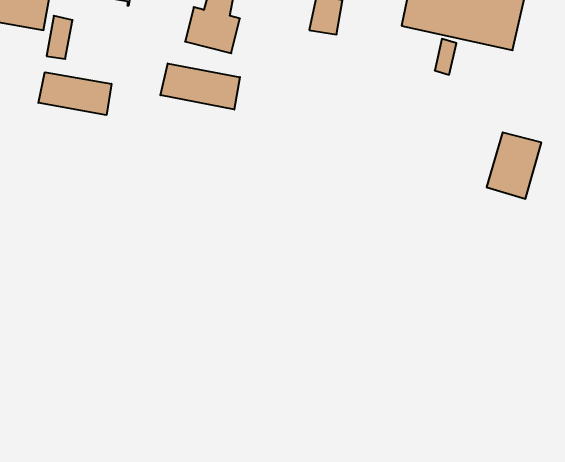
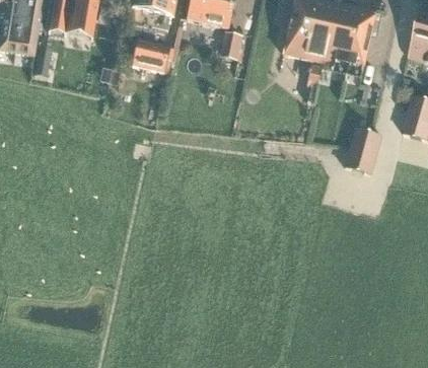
building: [160,63,240,110] -> none
building: [38,72,111,115] -> none

